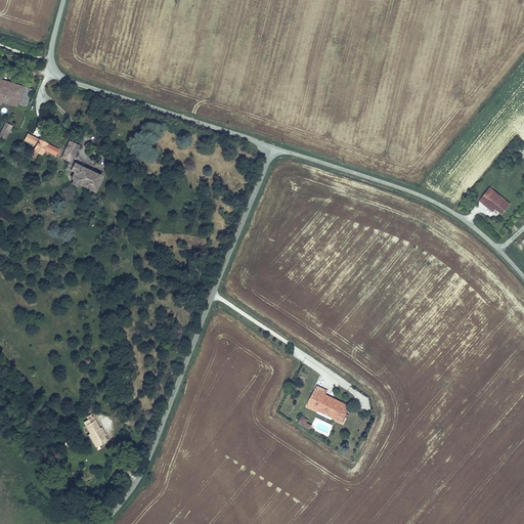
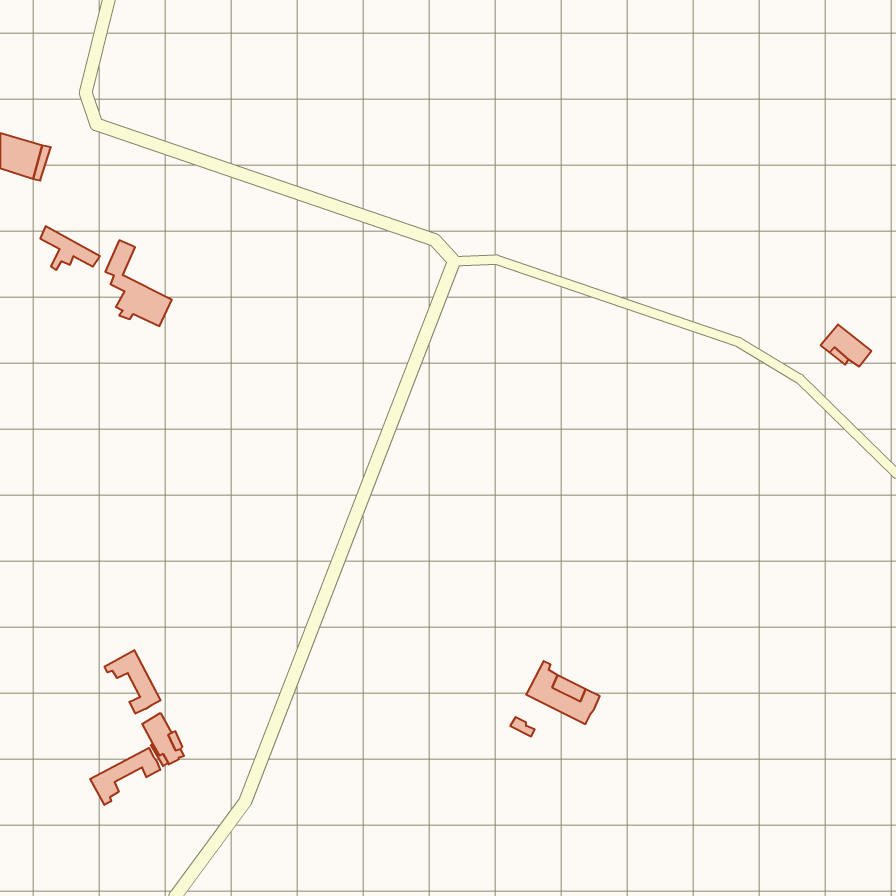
building: none -> [105,650,161,714]
building: none -> [90,748,160,805]

